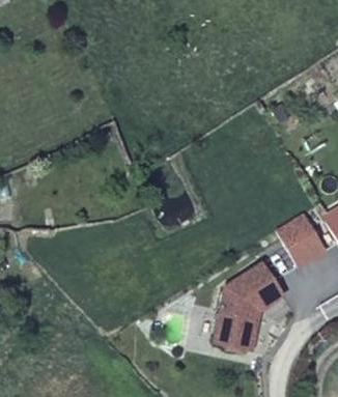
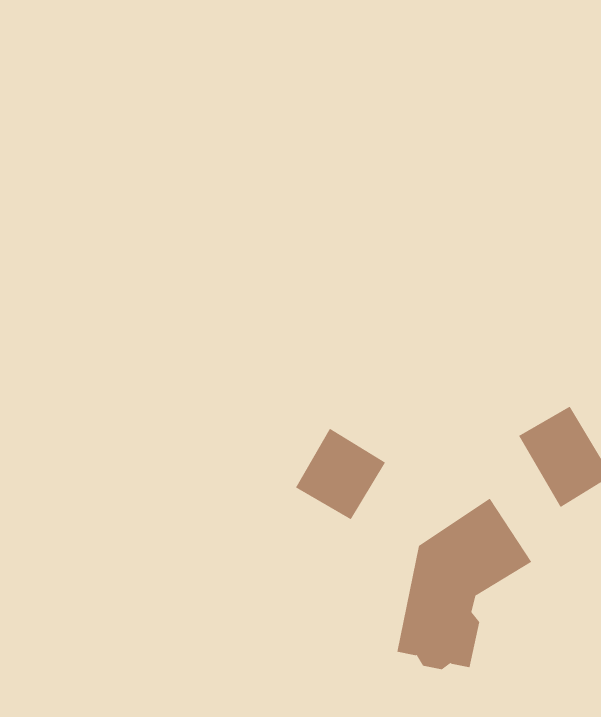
building: none -> [295,428,386,520]

